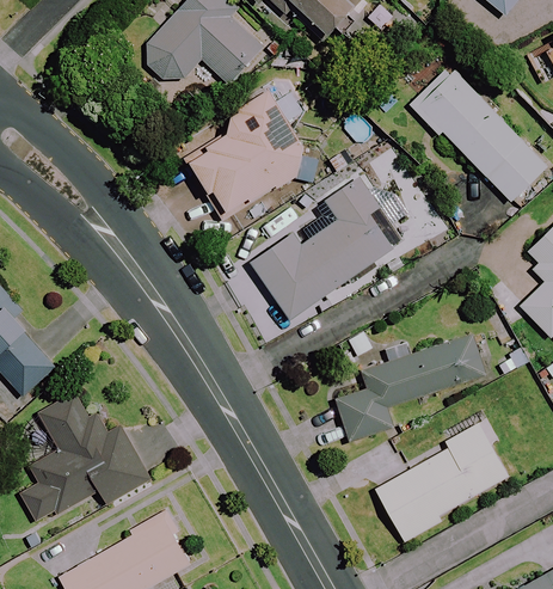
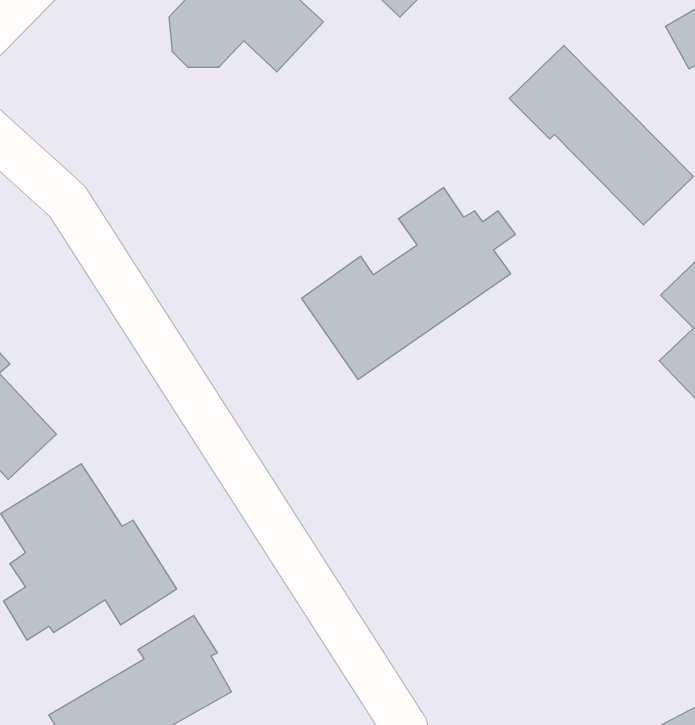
building: [185,82,305,222] -> none
building: [333,329,489,443] -> none
building: [375,423,509,542] -> none

